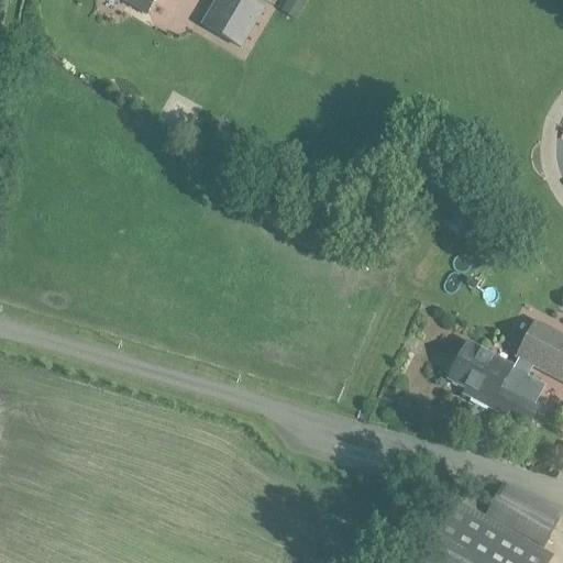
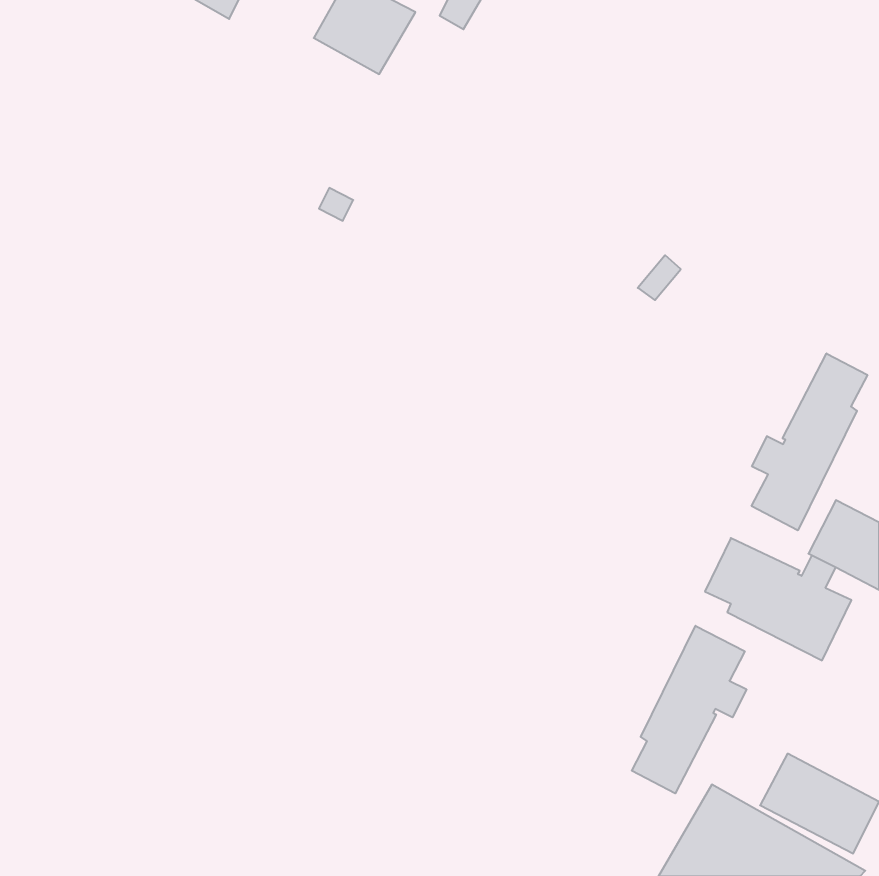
building: none -> [752,353,867,530]
building: none -> [632,626,746,793]

